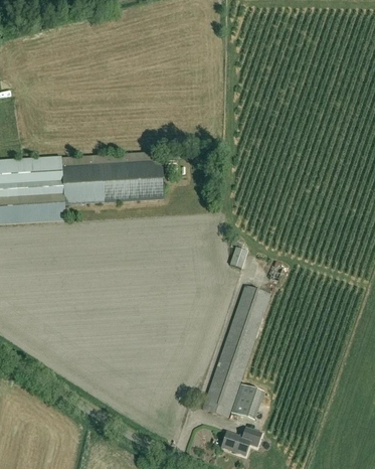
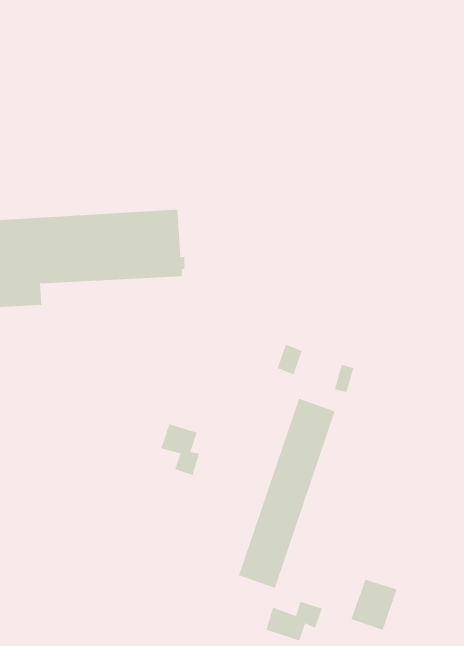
building: none -> [160,424,200,476]
building: [230,383,263,420] -> [350,579,398,631]

